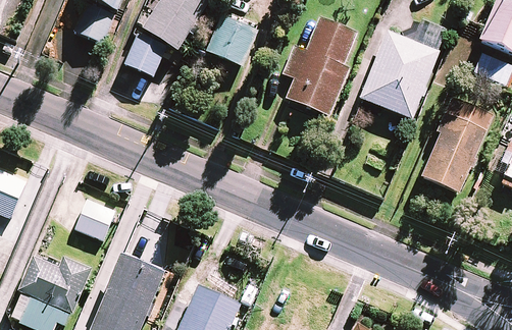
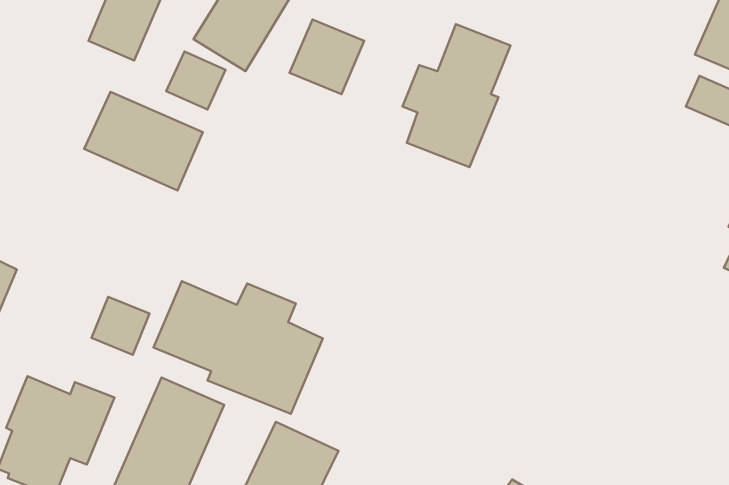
building: [360,20,448,118] -> none
building: none -> [84,92,203,190]
building: [421,96,493,191] -> none
building: none -> [154,281,323,414]

